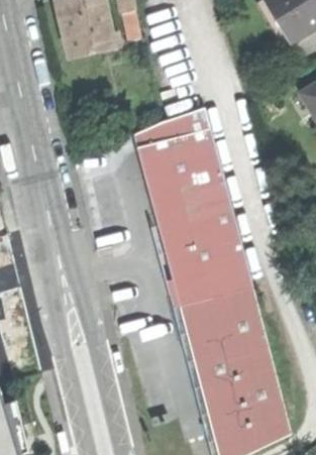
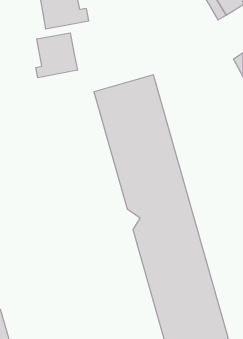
building: none -> [36,33,78,78]

